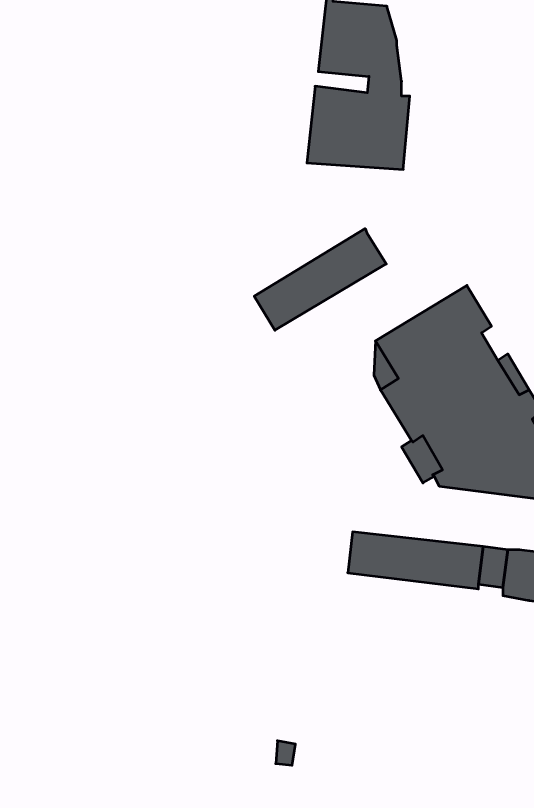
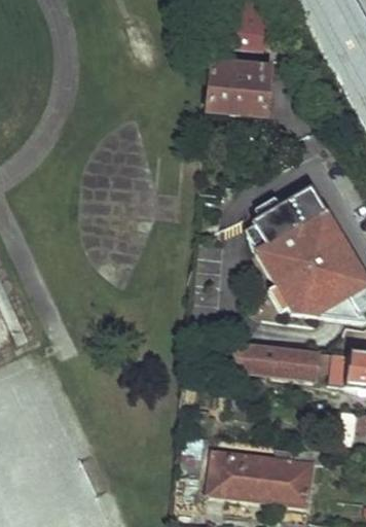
building: [254,229,386,330] -> none
building: none -> [213,445,316,504]

